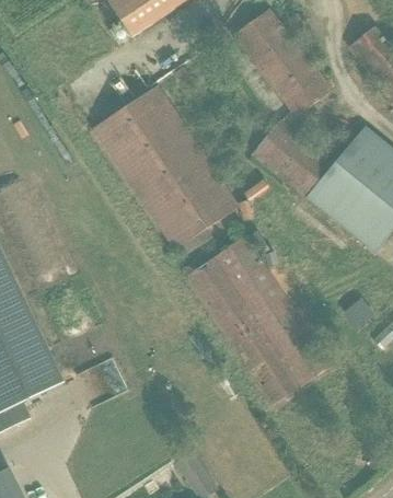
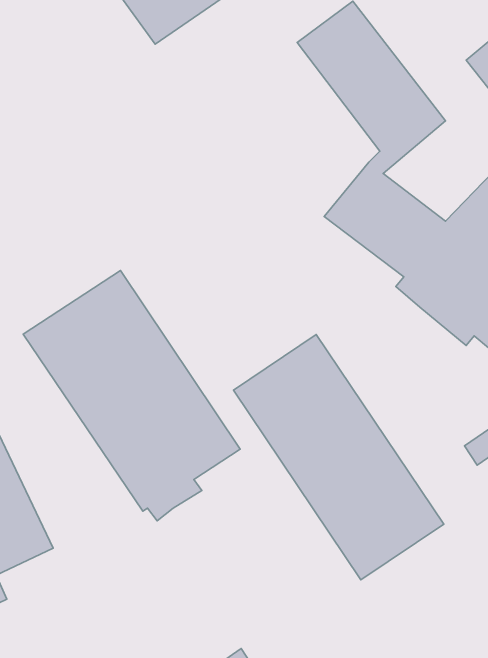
building: [90,83,239,255] -> [23,271,240,521]

